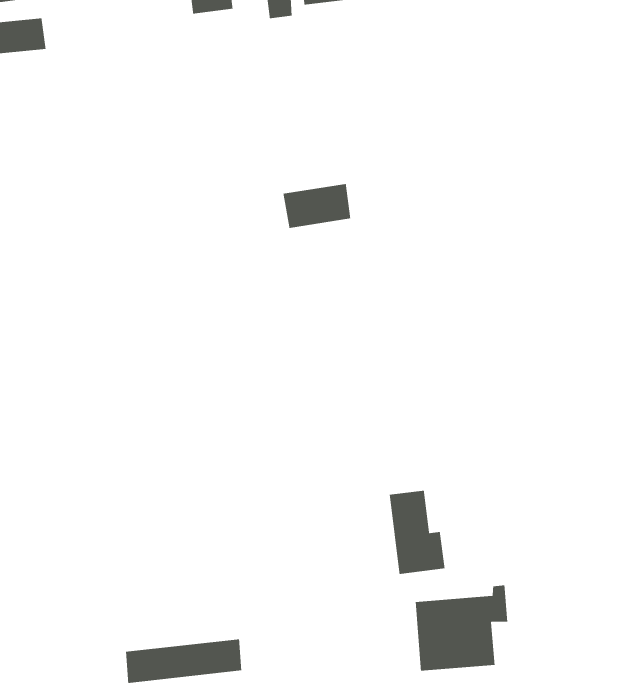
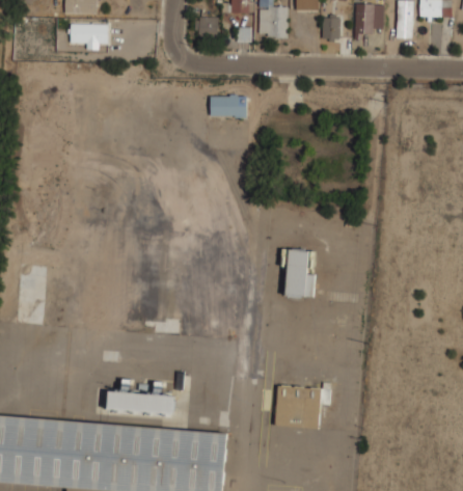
building: [283,183,351,229] -> [210,96,247,117]
building: [389,490,445,575] -> [288,250,315,297]

